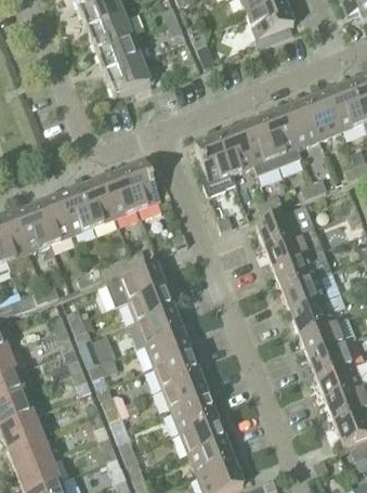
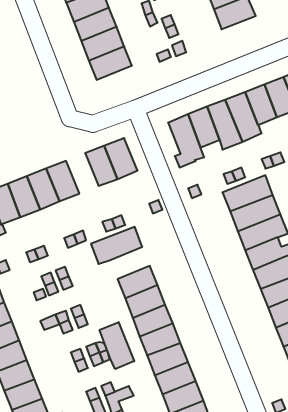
building: [79,180,116,225] -> none
building: [129,286,174,323] -> none
building: none -> [100,322,134,369]

